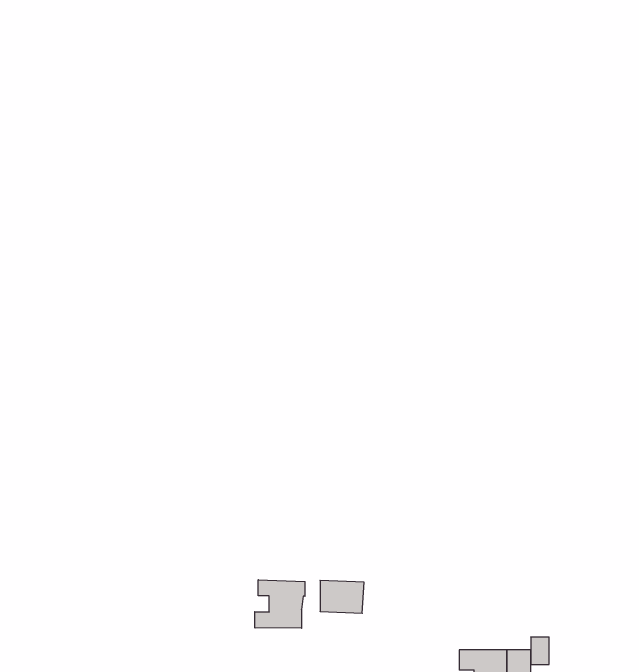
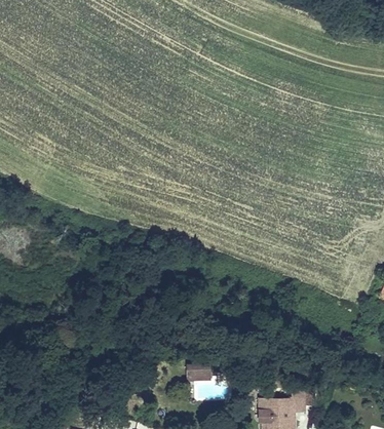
building: [255,580,305,628] -> none

